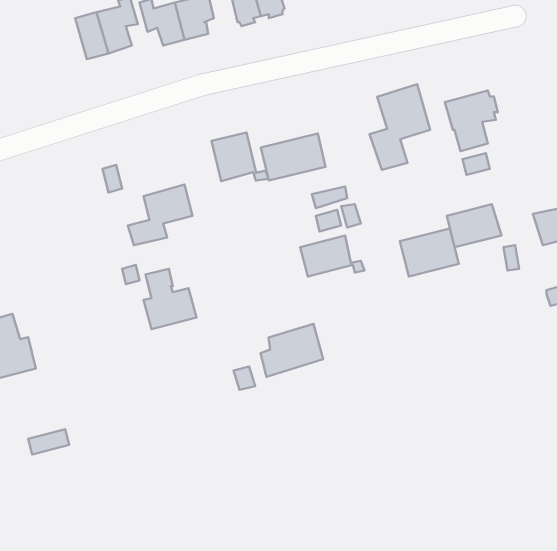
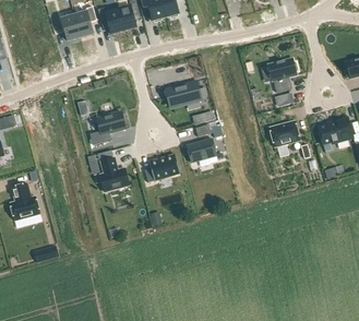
building: [369,84,430,170] -> none
building: [211,132,268,181] -> none
building: [400,229,459,276] -> none
building: [261,324,323,377] -> [144,153,179,182]

